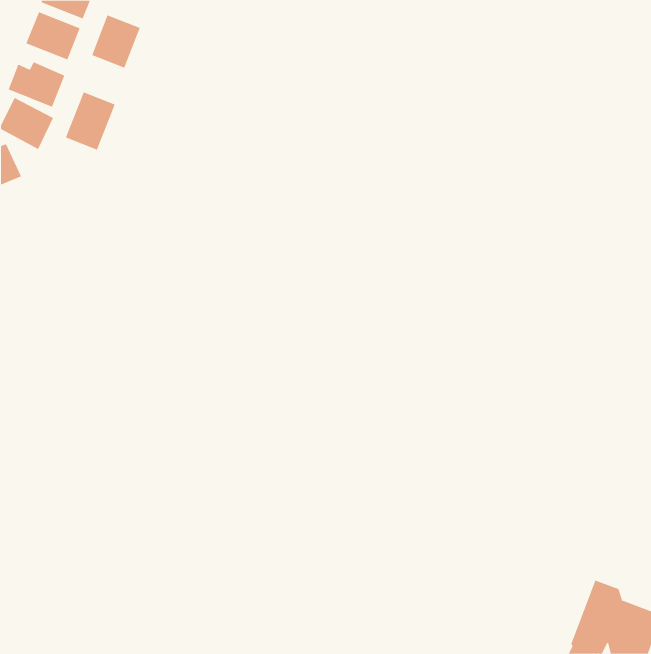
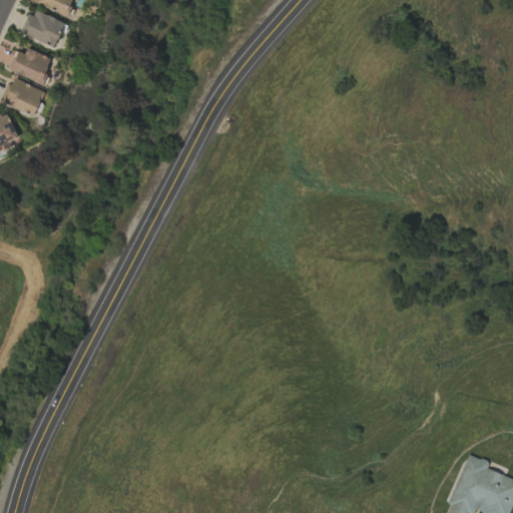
building: [91,15,140,69] -> none
building: [65,92,116,150] -> none

